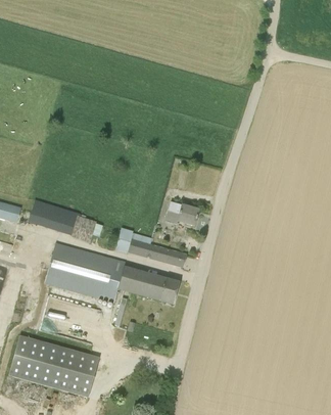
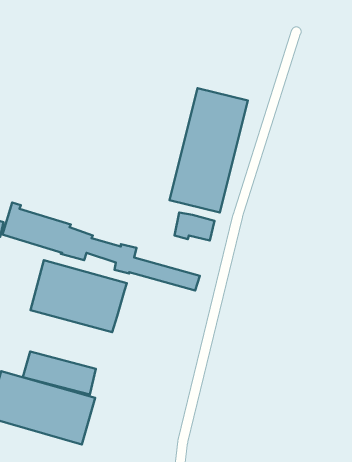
building: none -> [170,88,248,213]
building: [116,267,178,303] -> [23,352,96,394]

